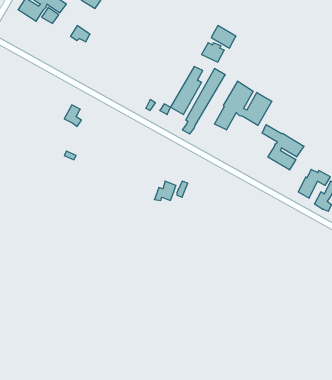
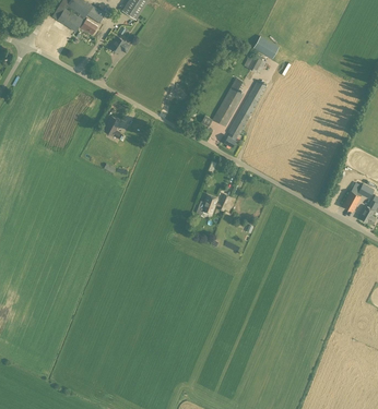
building: [214,81,272,130] -> none
building: [262,125,304,170] -> none

